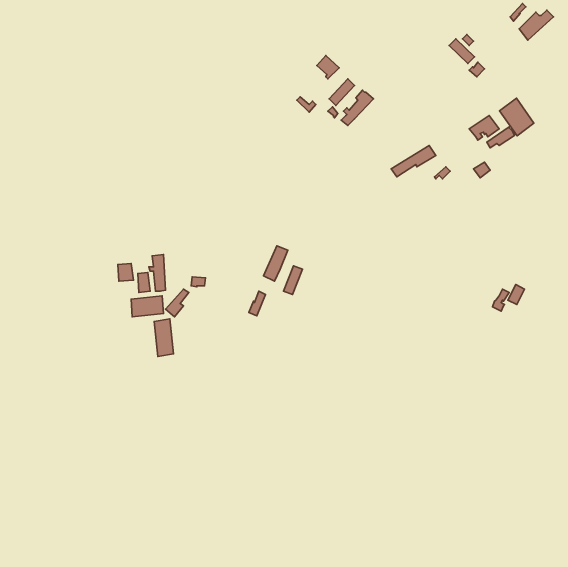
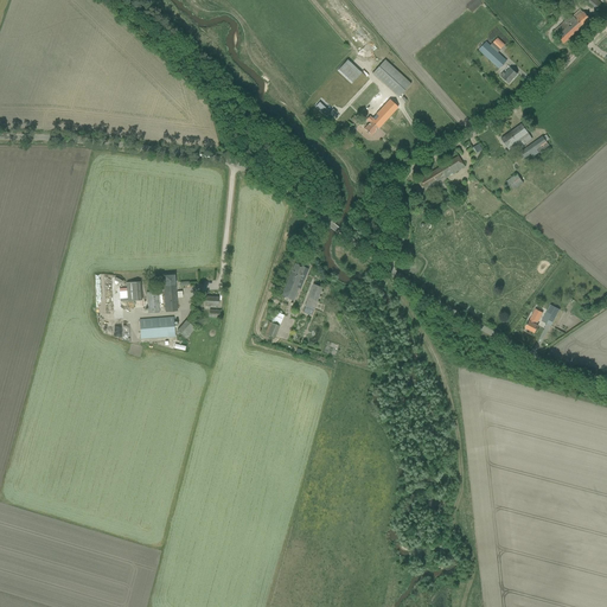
building: none -> [372,59,410,96]
building: [499,98,534,136] -> none
building: [154,319,173,356] -> none

